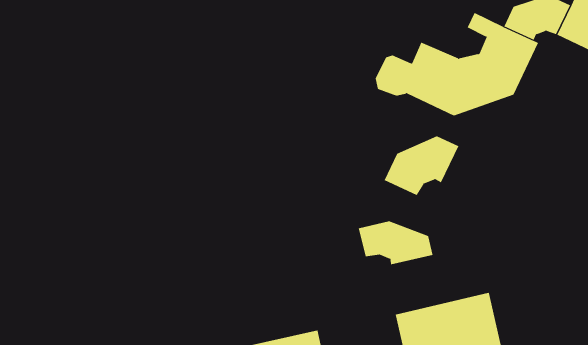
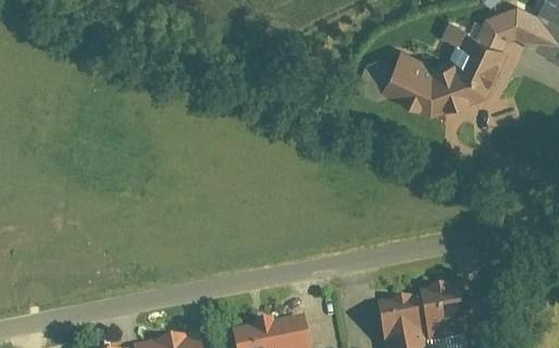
building: [384,135,459,196] -> none
building: [358,220,433,265] -> none

